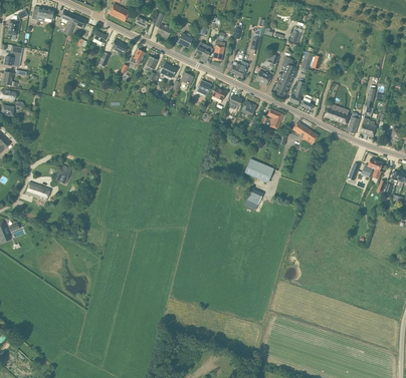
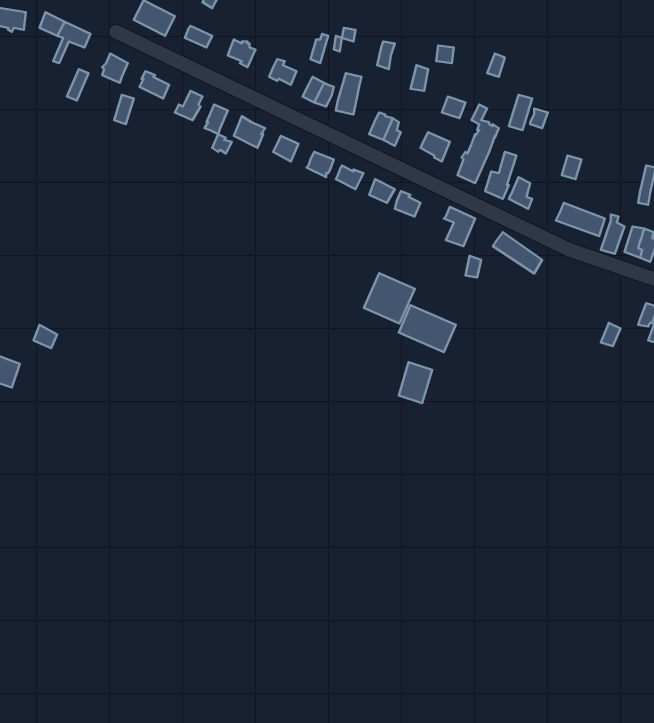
building: none -> [364,273,415,323]

